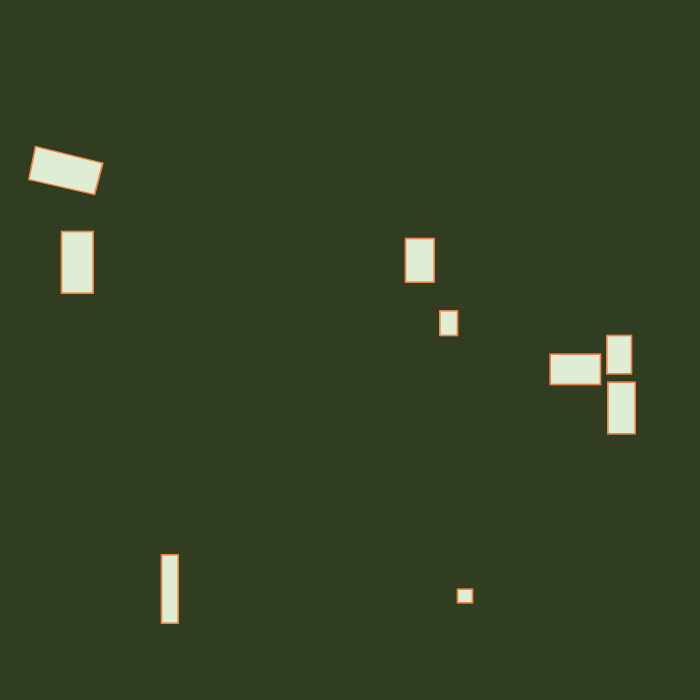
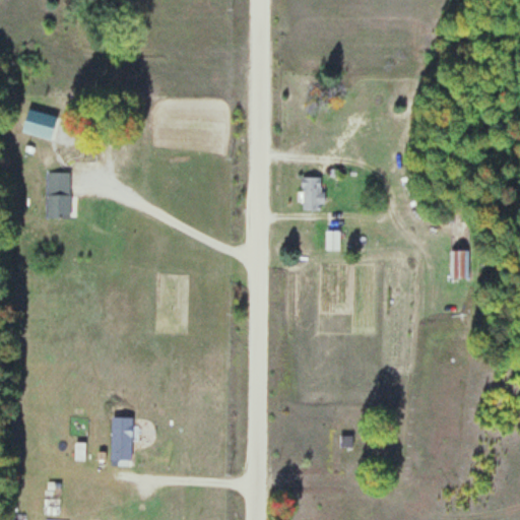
building: [550,354,600,384] -> none
building: [608,382,635,434] -> none

